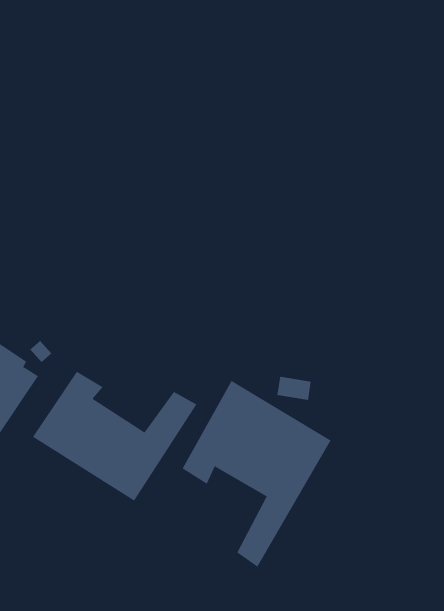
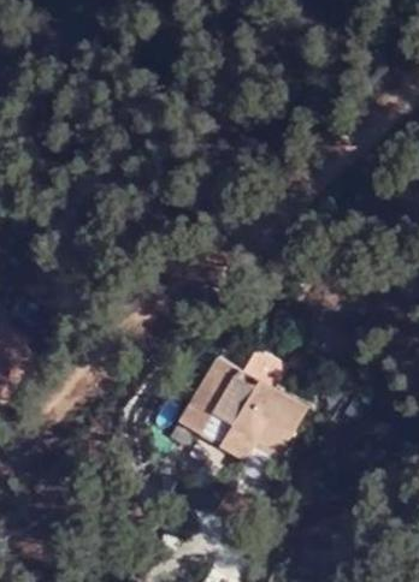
building: [32,371,197,501] -> none

